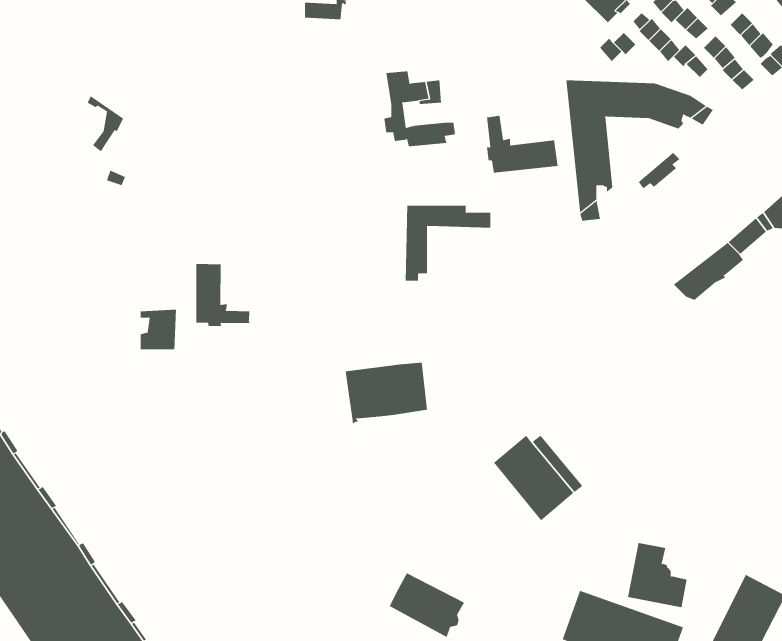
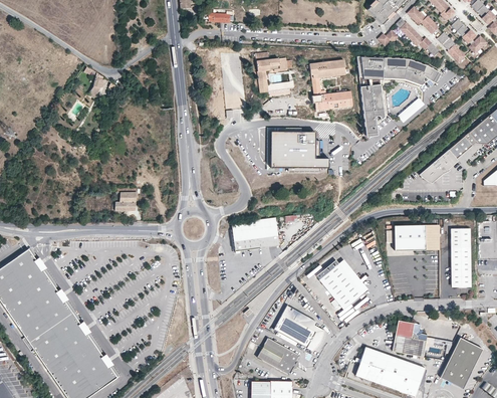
building: none -> [310,58,350,78]
building: none -> [279,141,329,173]
building: [196,263,250,327] -> none
building: none -> [394,225,439,251]
building: none -> [450,229,470,285]
building: none -> [274,305,324,348]

